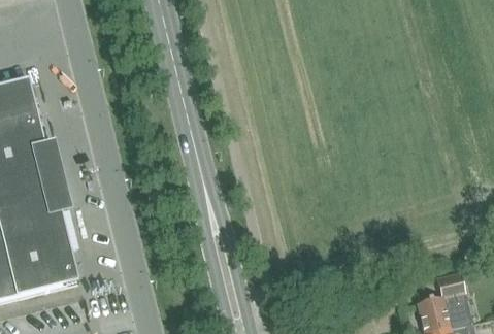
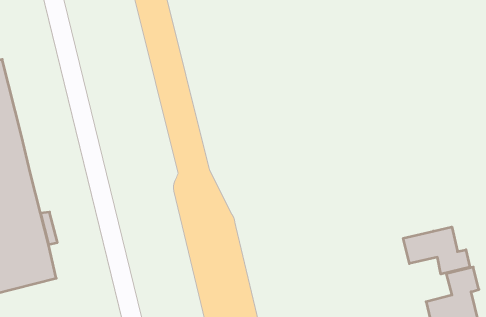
building: none -> [403,227,470,274]

